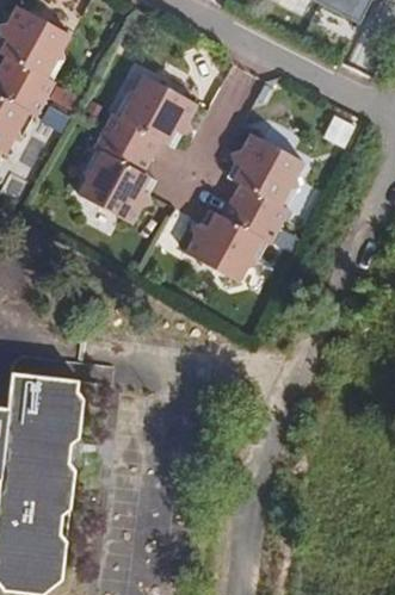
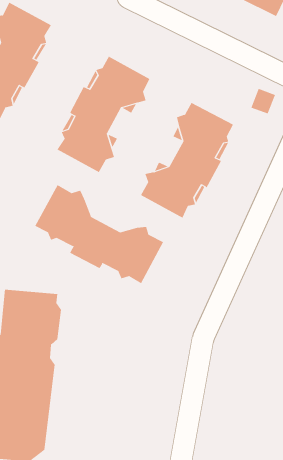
building: none -> [35,184,164,284]

